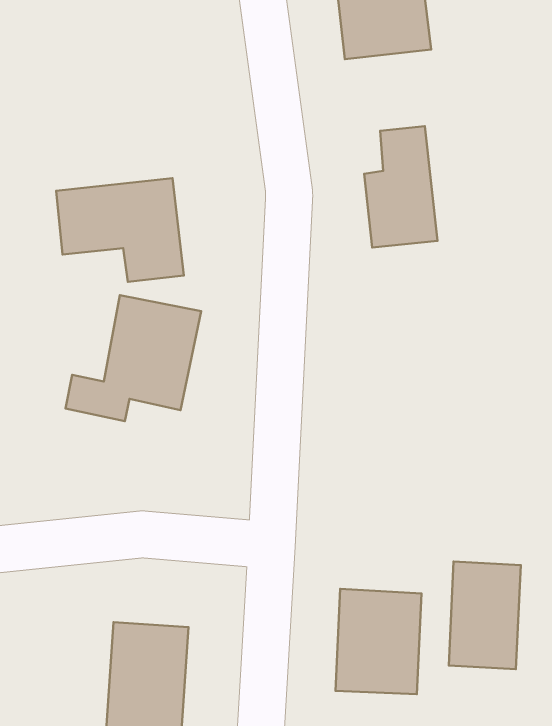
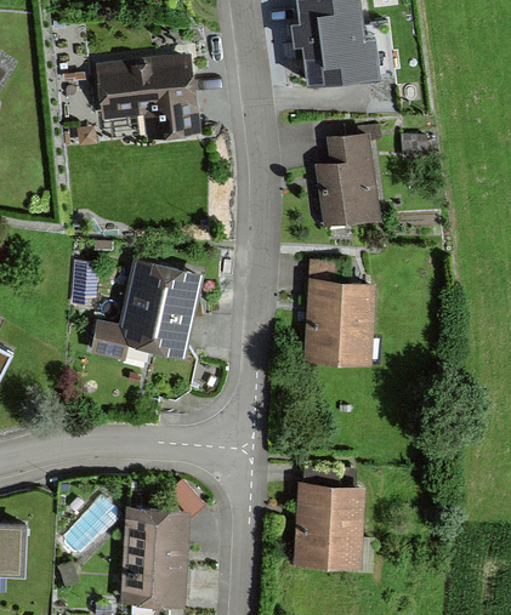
building: [56,178,184,282] -> [100,61,197,139]
building: none -> [308,263,374,355]
building: [449,562,521,669] -> none

